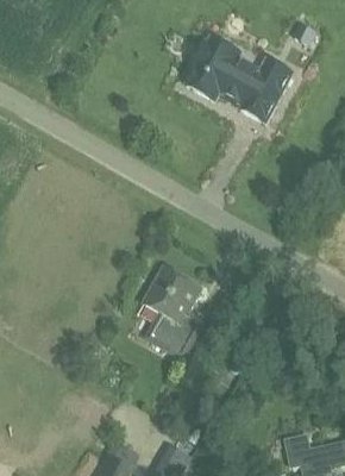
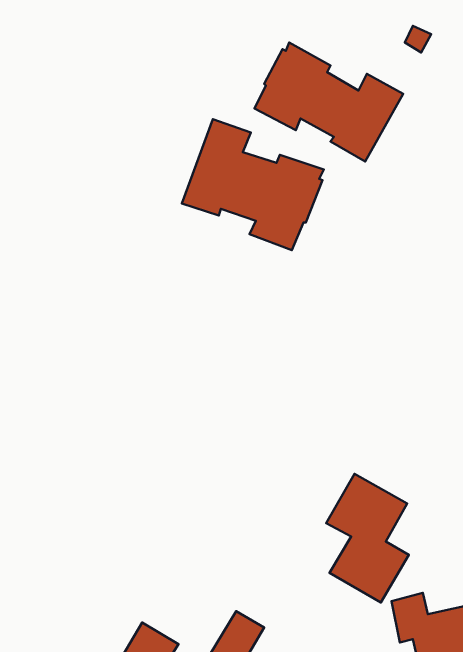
building: none -> [182,119,324,250]
building: [142,265,201,358] -> [326,474,409,603]

